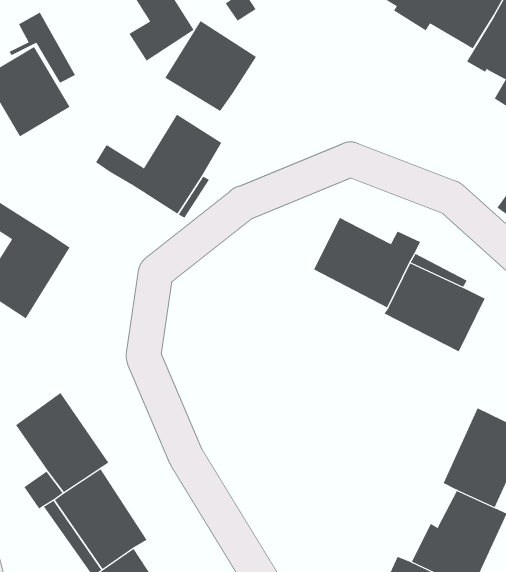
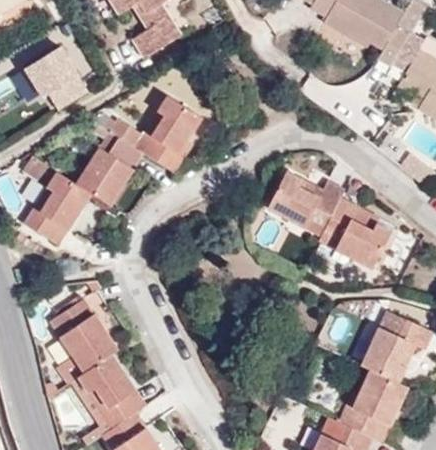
building: [164,20,257,112] -> none
building: none -> [75,138,143,205]

